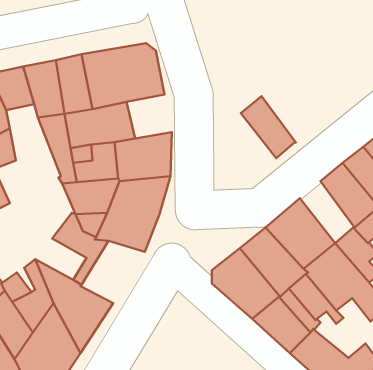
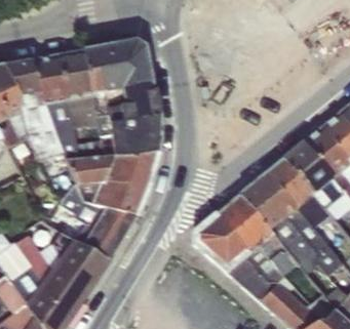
building: none -> [121,83,159,120]
building: [241,96,296,158] -> [267,156,313,208]
building: none -> [20,91,66,160]
building: none -> [82,206,137,258]

